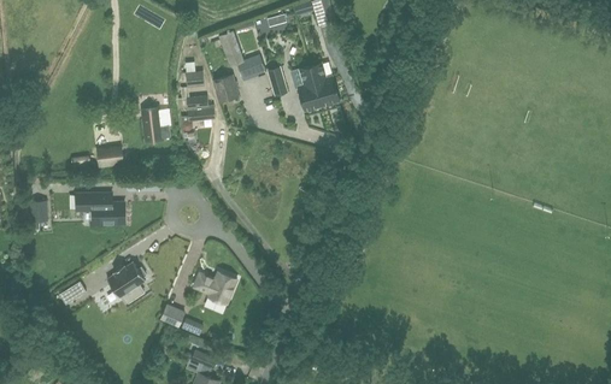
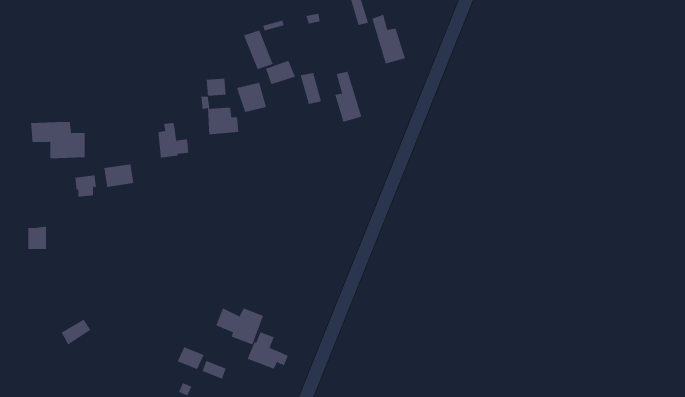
building: [310,63,340,106] -> [371,14,406,64]
building: [76,193,124,225] -> [30,122,86,159]
building: [107,262,146,303] -> none
building: none -> [247,331,289,369]

